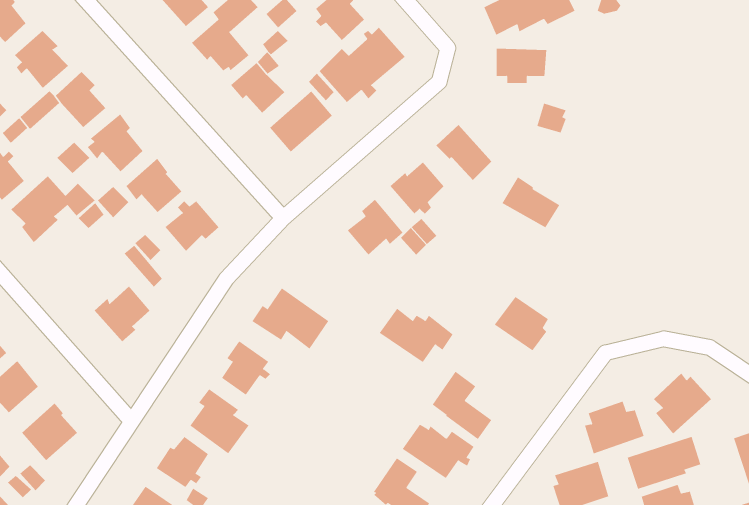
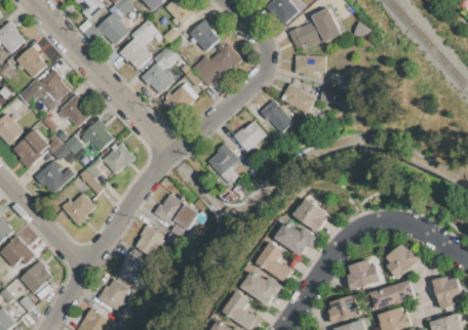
building: [502,177,560,228] -> [280,83,314,113]
building: none -> [35,160,73,193]
building: [379,308,453,363] -> [274,223,317,255]

